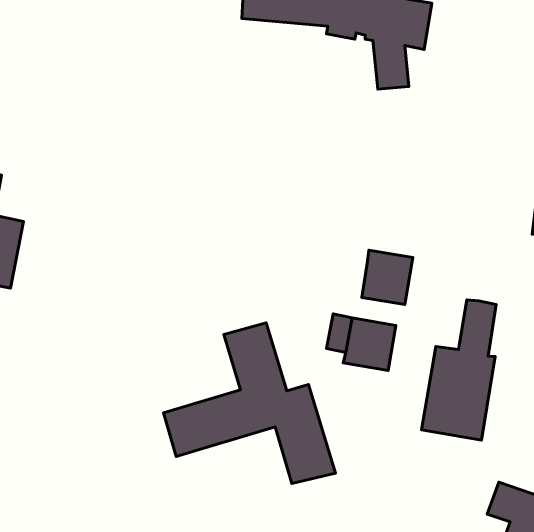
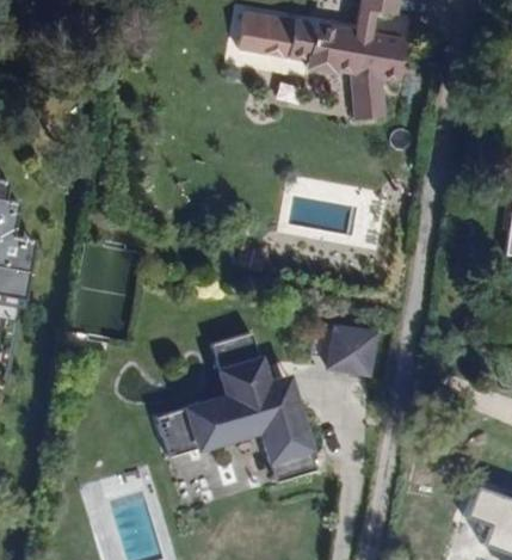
building: [362,250,413,304] -> none
building: [422,300,496,440] -> none

